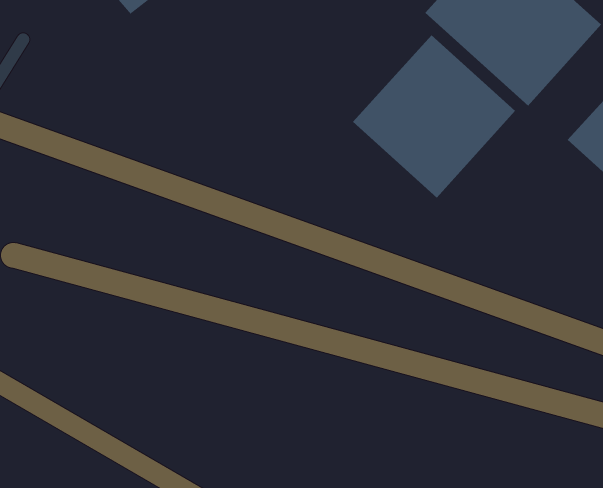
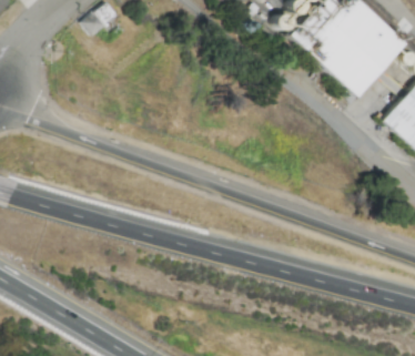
building: [352,34,516,198] -> none

